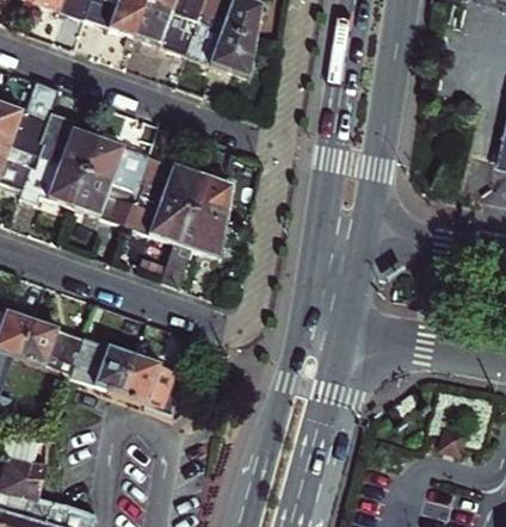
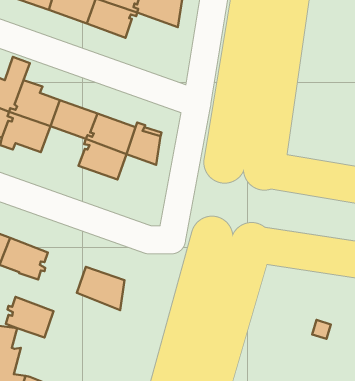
building: [185,21,254,78] -> none
building: [73,172,137,224] -> none
building: [161,209,226,285] -> none
building: [69,339,132,392] -> [6,297,53,337]

